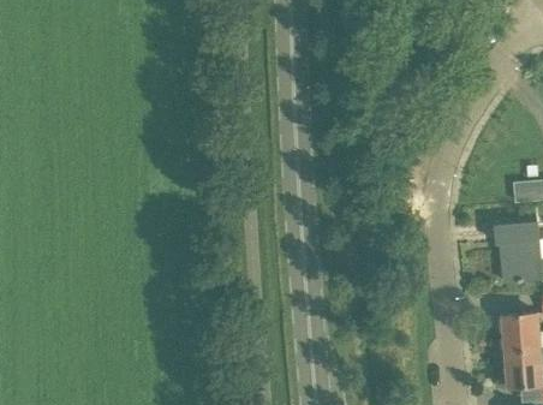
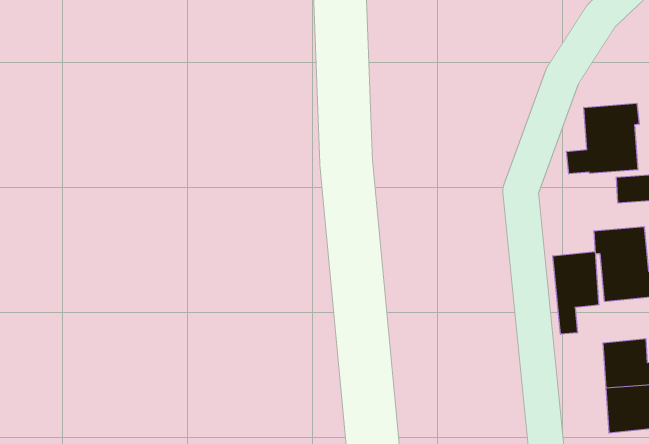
building: none -> [566,103,639,174]
building: none -> [553,251,599,334]

